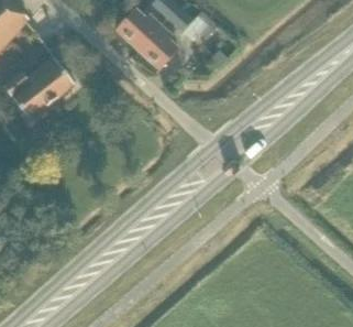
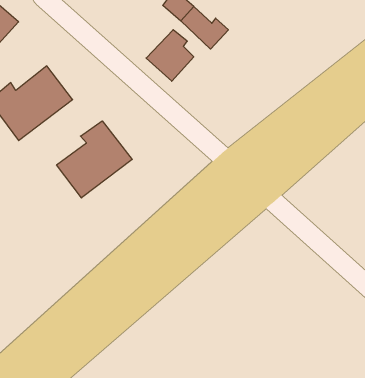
building: [117,10,161,51] -> none
building: none -> [57,121,132,198]

